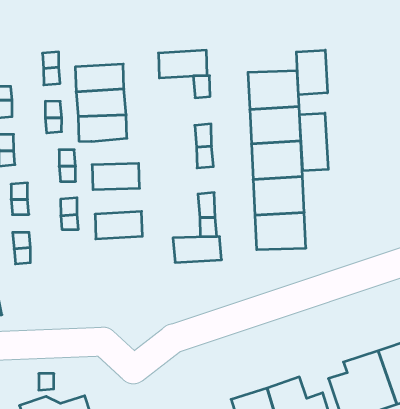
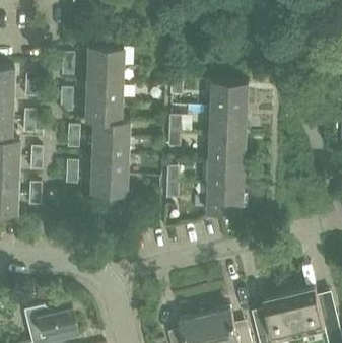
building: [296,50,327,95] -> none
building: [158,50,207,78] -> [85,47,122,66]
building: [299,113,328,171] -> none
building: none -> [91,121,127,140]
building: [173,237,222,262] -> [90,156,125,176]

